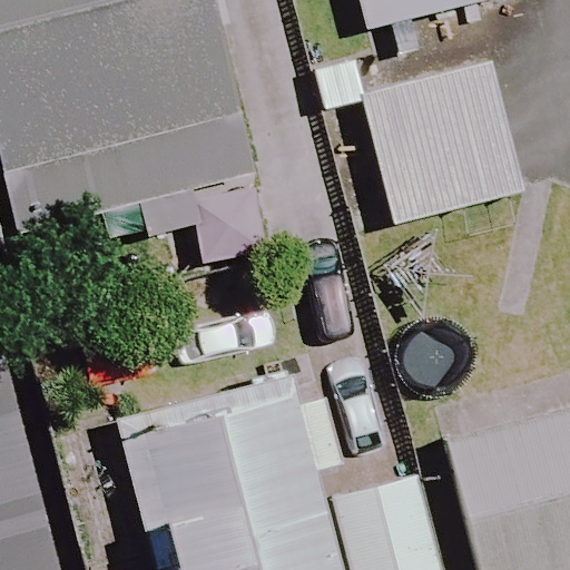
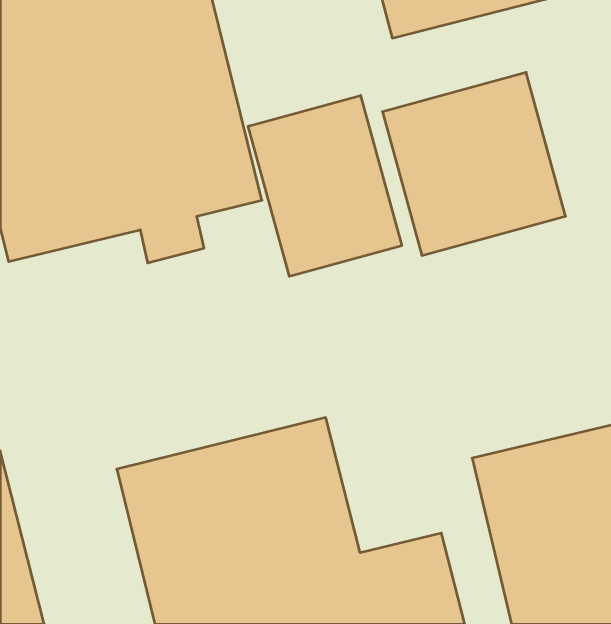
building: none -> [248,95,402,276]

